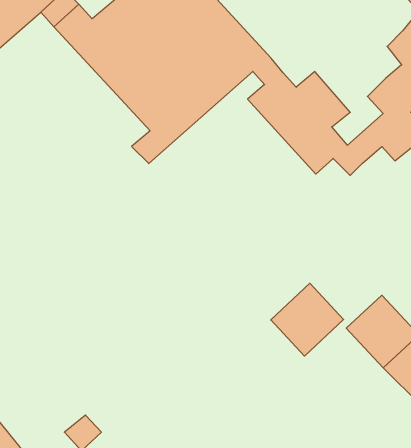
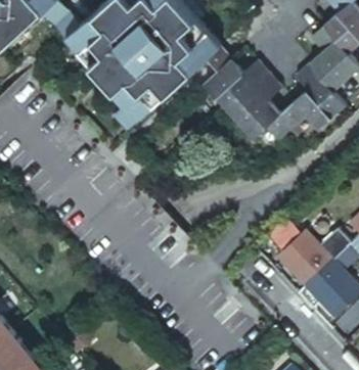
building: [271,283,344,356] -> none

